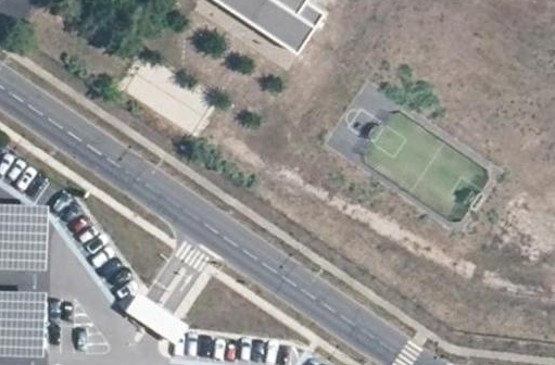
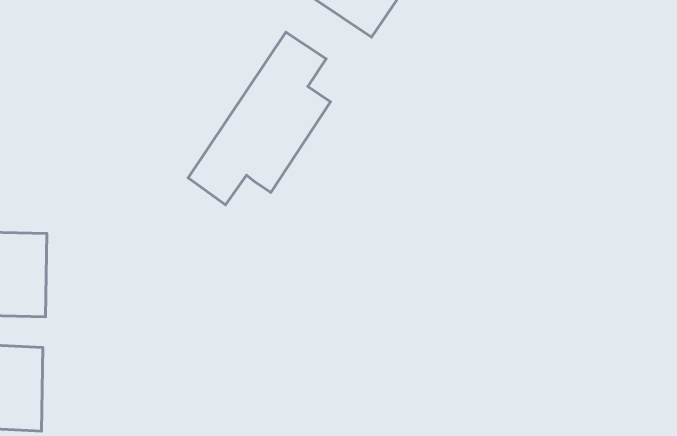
building: none -> [188,32,330,205]

